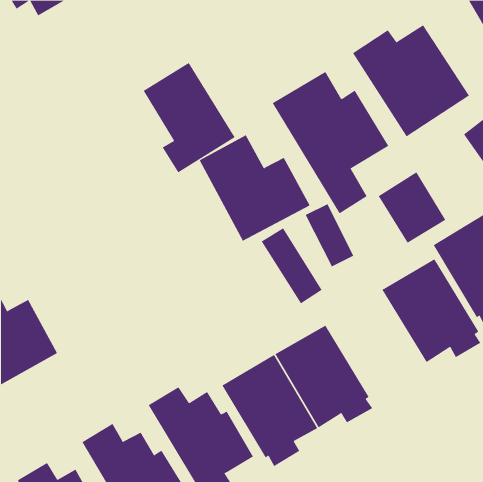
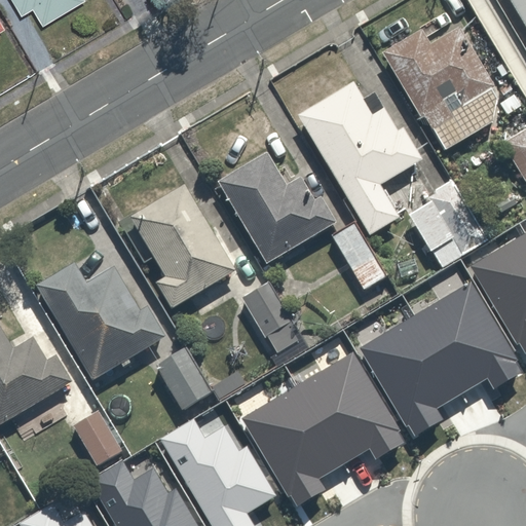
building: [143,62,236,173] -> [132,185,232,305]
building: [261,227,322,304] -> [238,281,305,365]
building: none -> [35,258,164,378]
building: none -> [361,316,463,439]
building: none -> [156,348,212,408]
building: none -> [76,410,127,463]

